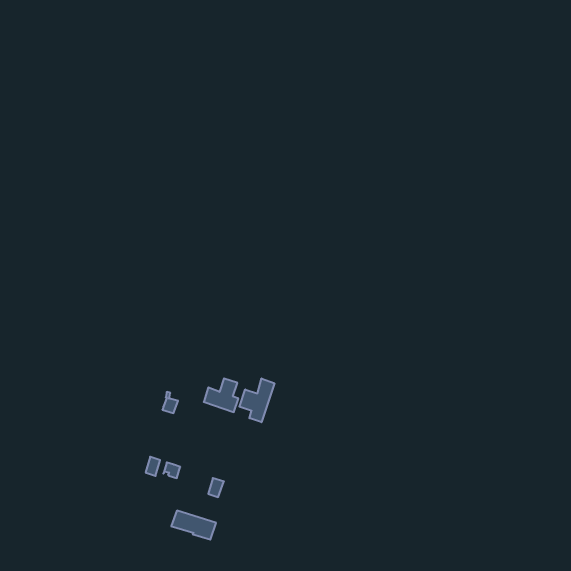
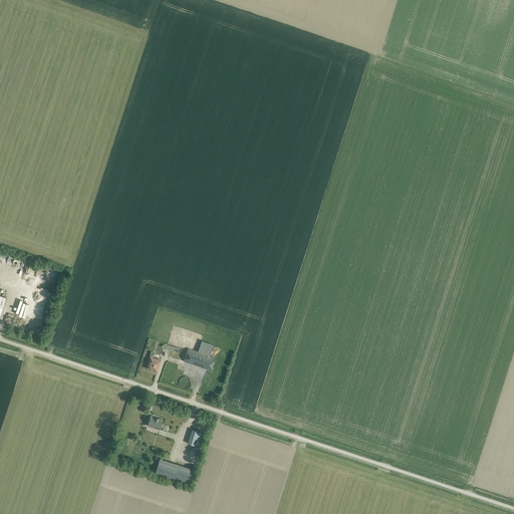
building: [239,378,274,422] -> none

